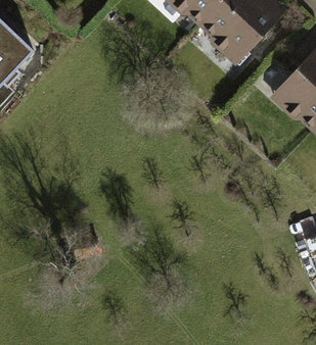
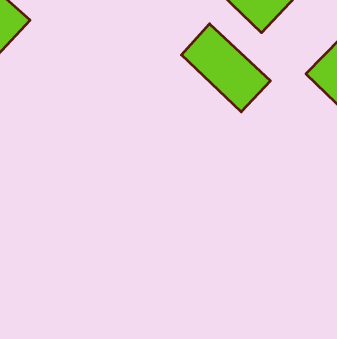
building: none -> [181,24,270,112]

